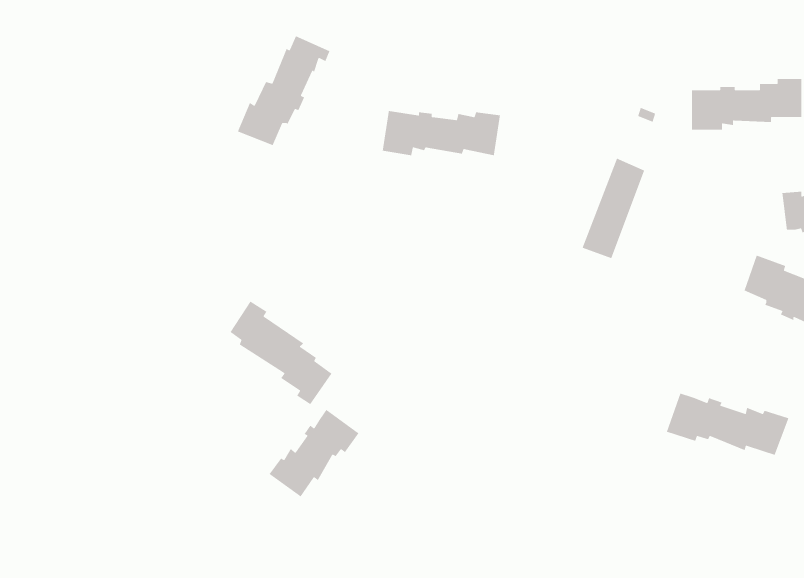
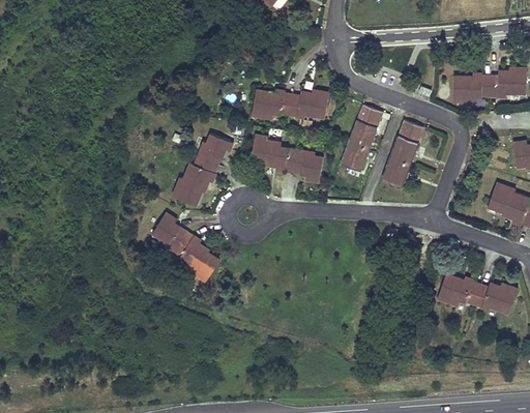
building: [237,35,330,146] -> [172,134,233,206]
building: none -> [342,106,383,172]
building: none -> [251,135,323,182]
building: [269,409,360,497] -> none

